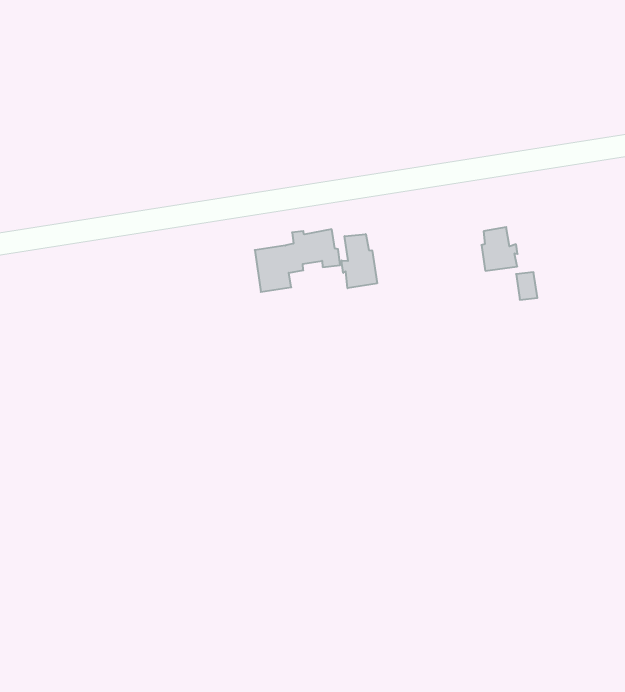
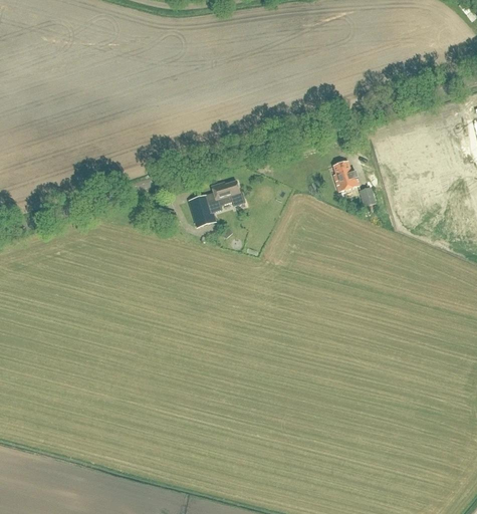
building: [342,234,377,288] -> none

